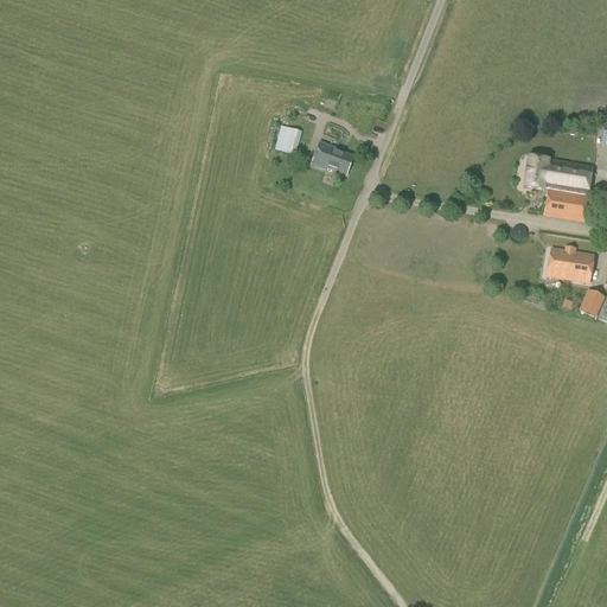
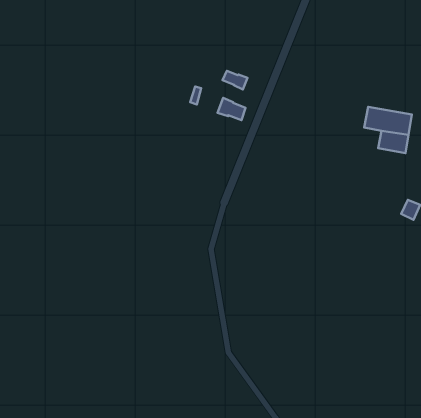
building: none -> [223,71,247,89]
building: [515,247,593,281] -> none

